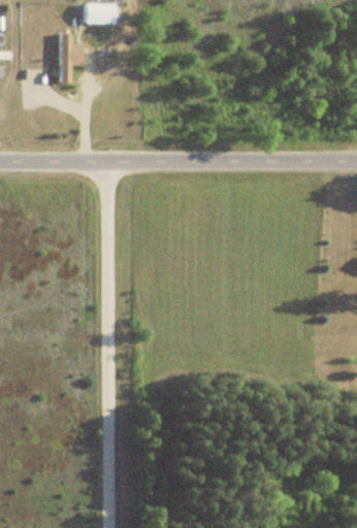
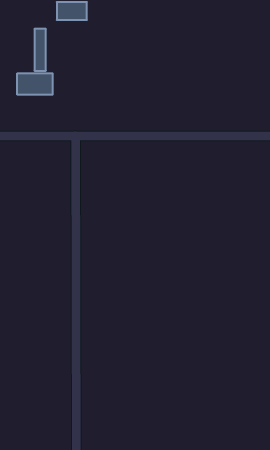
building: none -> [17,73,53,95]

